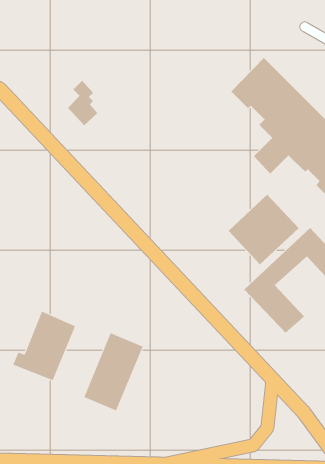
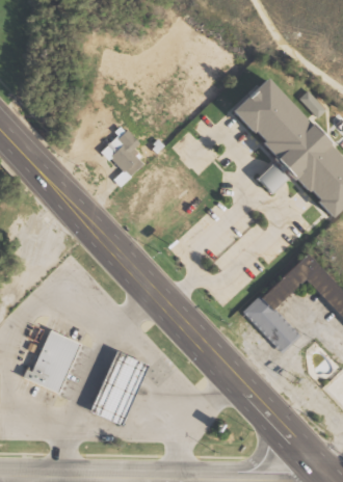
building: [67,80,98,126] -> [114,128,144,172]
building: [228,194,299,265] -> none

